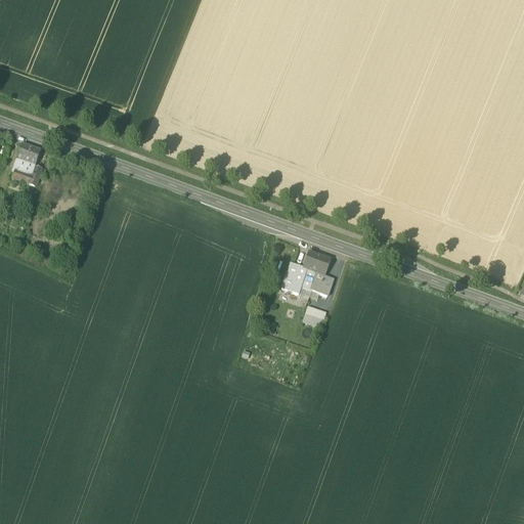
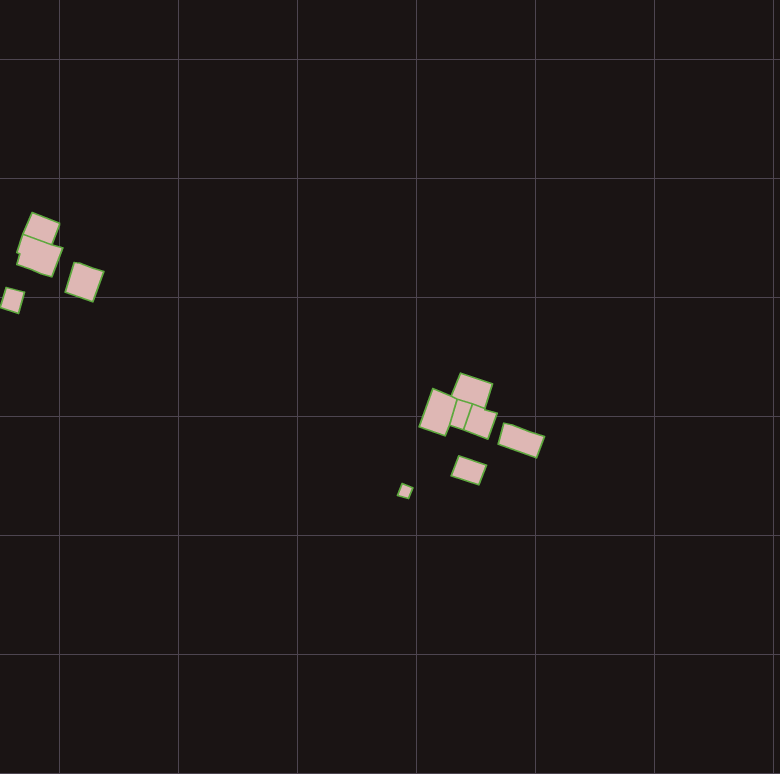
building: none -> [65,262,104,302]
building: none -> [498,423,545,458]

